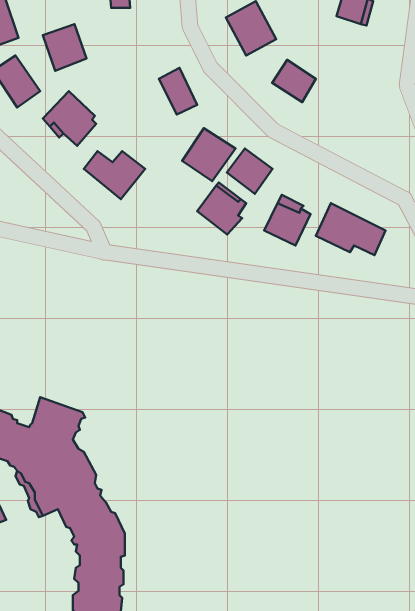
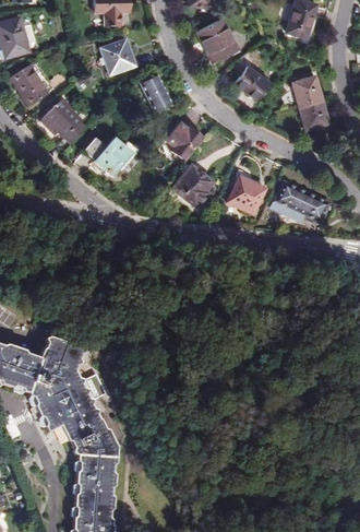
building: [43,24,87,71] -> [103,38,137,75]
building: none -> [292,76,328,129]
building: [227,148,272,194] -> none

